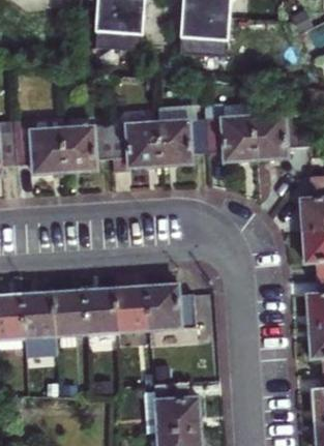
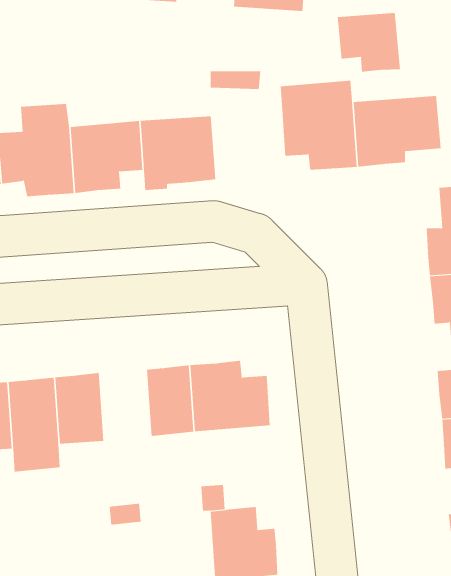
building: none -> [337,12,400,72]
building: [159,119,208,166] -> none
building: [85,292,119,339] -> none

